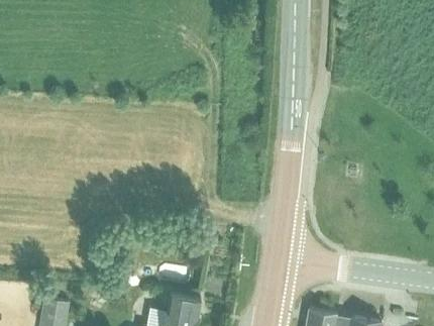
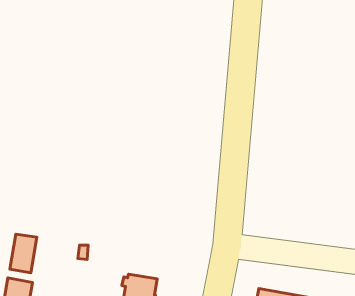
building: none -> [10,234,37,273]

